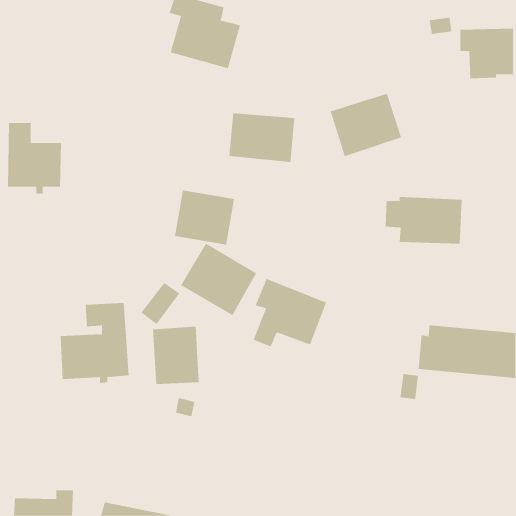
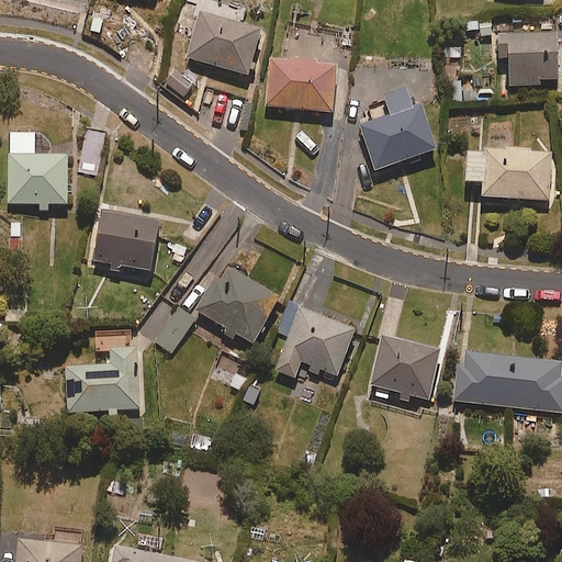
building: [228,113,295,162] -> [265,58,337,112]
building: [174,190,235,245] -> [92,210,158,270]
building: [385,197,463,244] -> [467,147,551,199]
building: none -> [370,335,439,398]
building: [153,326,199,385] -> none

